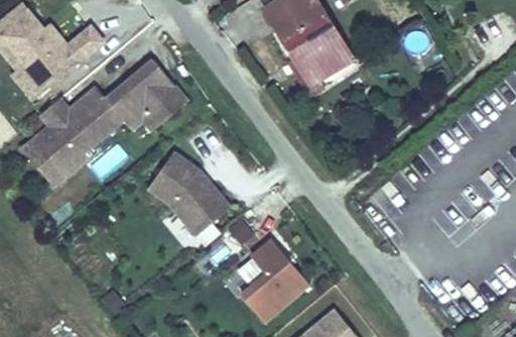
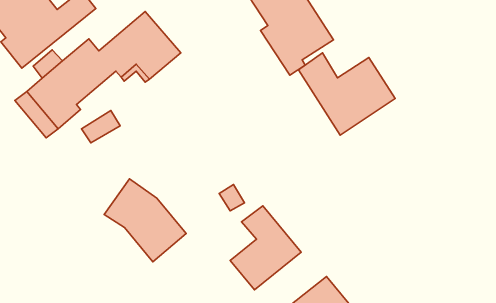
building: none -> [298,53,395,135]
building: [146,144,228,227] -> [104,179,186,262]

